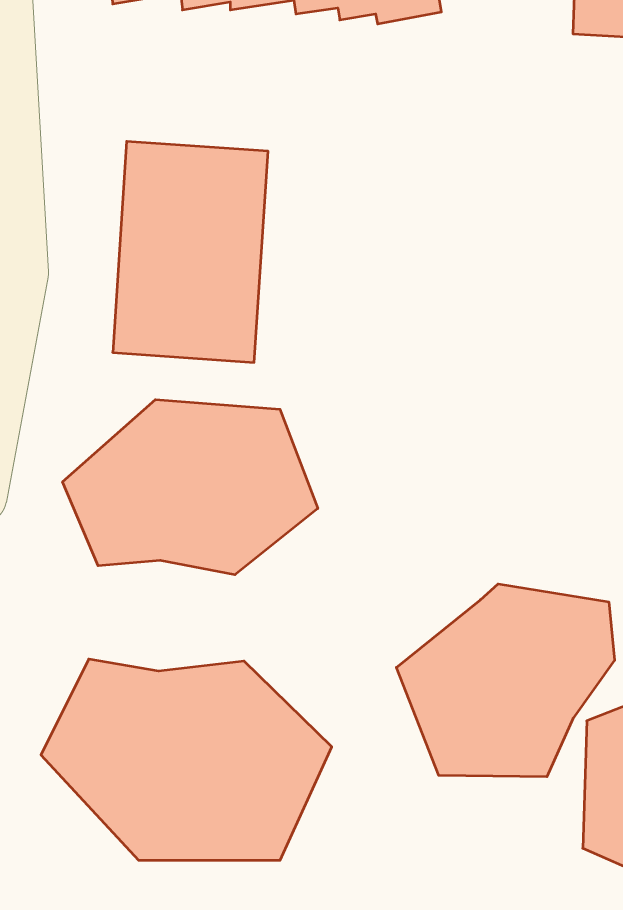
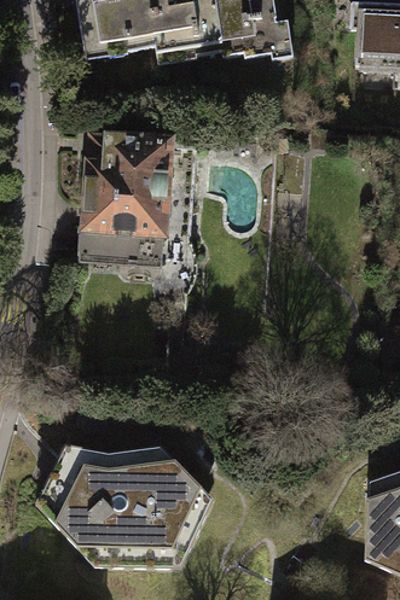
building: [63,400,318,575] -> none
building: [396,584,615,777] -> none

